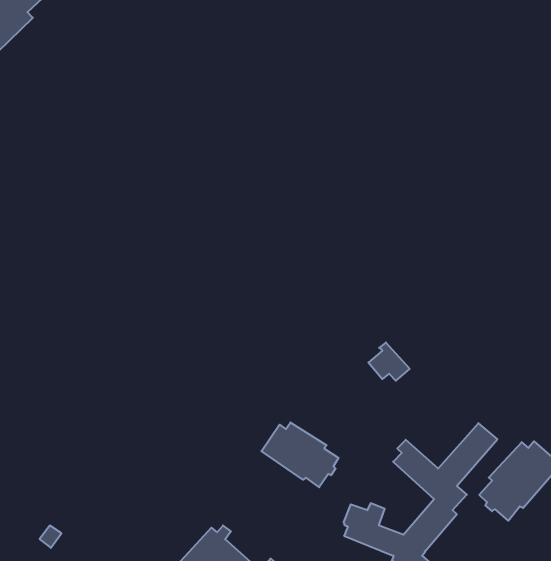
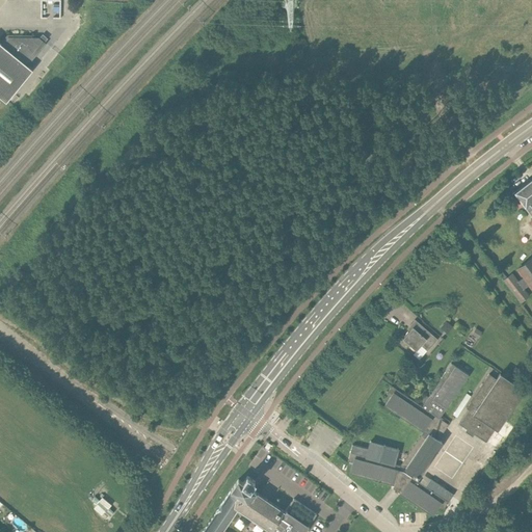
building: [368,342,410,381] -> [403,320,438,351]
building: [261,422,339,487] -> none

